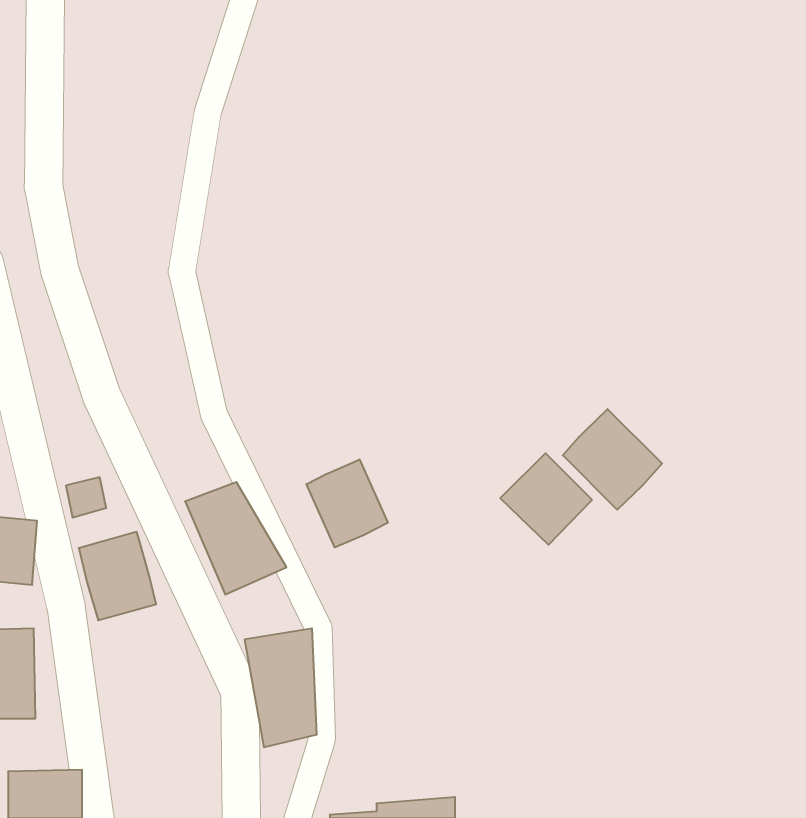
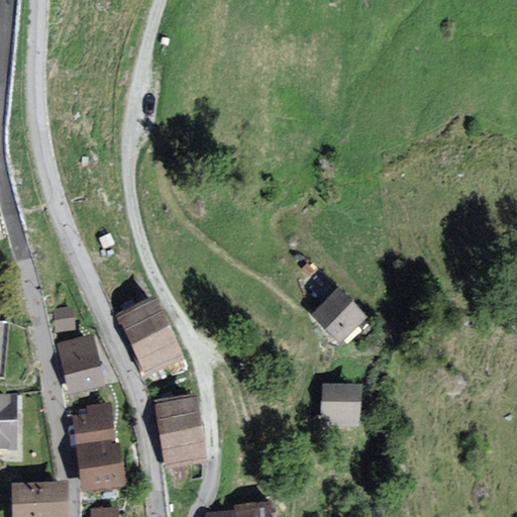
building: [563,409,662,510] -> none
building: [306,459,388,547] -> none
building: none -> [321,384,368,425]
building: none -> [72,406,130,492]

